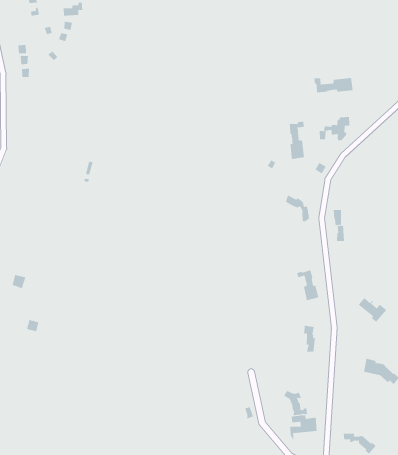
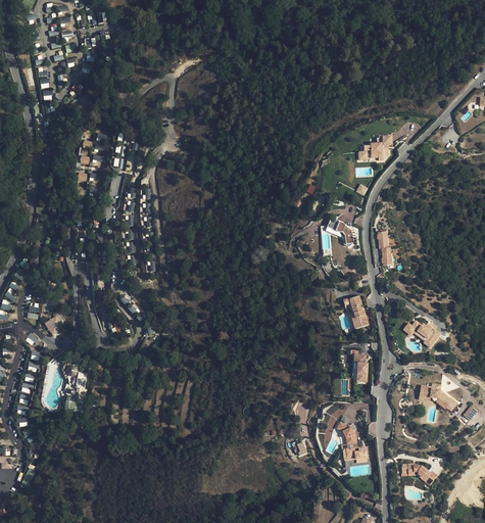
building: [314,77,353,93] -> none
building: [289,121,304,160] -> none

